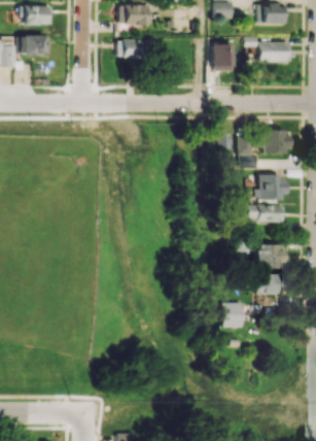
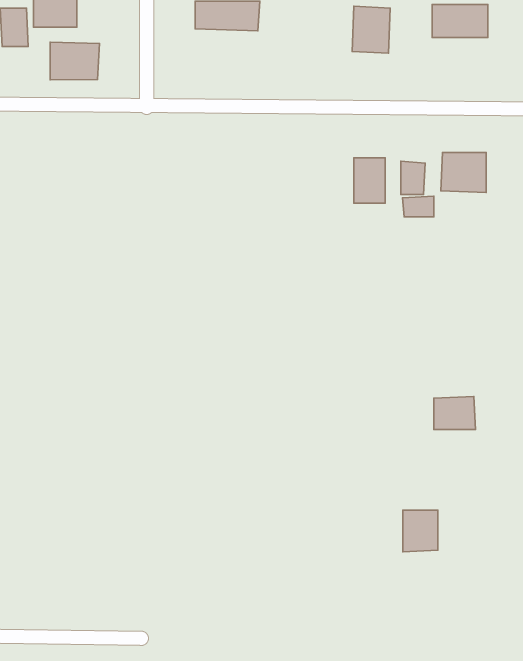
building: none -> [50,42,100,80]
building: [256,174,286,200] -> none
building: [249,204,286,223] -> none
building: [259,244,287,269] -> none
building: [224,303,245,328] -> [403,510,438,552]

